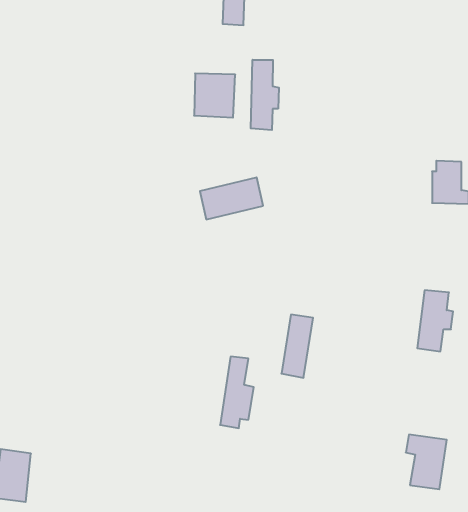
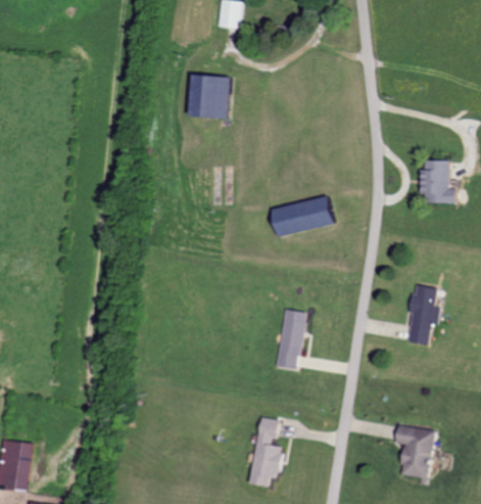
building: [251,60,279,130] -> none
building: [200,177,263,219] -> [273,195,334,236]
building: [220,357,254,428] -> [249,417,282,487]

